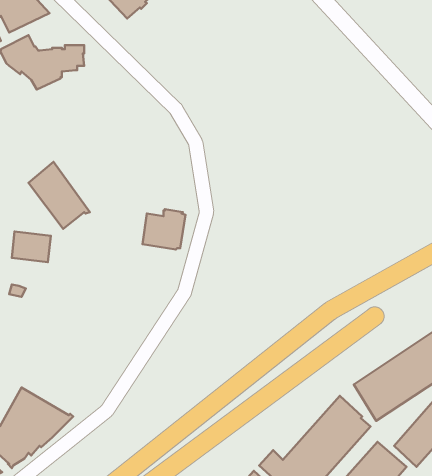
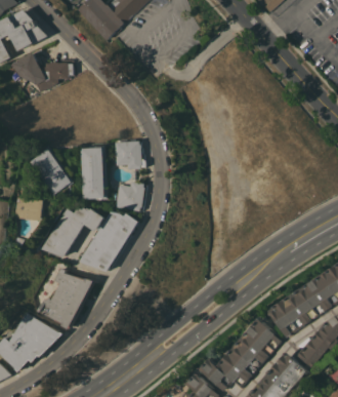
building: none -> [113,141,144,168]
building: none -> [80,146,105,199]
building: none -> [41,206,138,271]
building: none -> [38,268,93,328]

